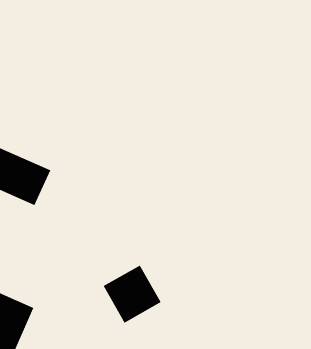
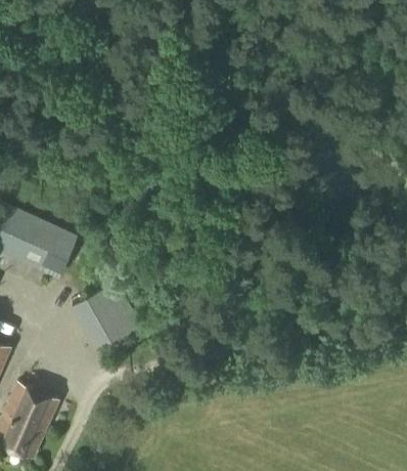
building: [103,265,162,323] -> [72,280,142,350]

